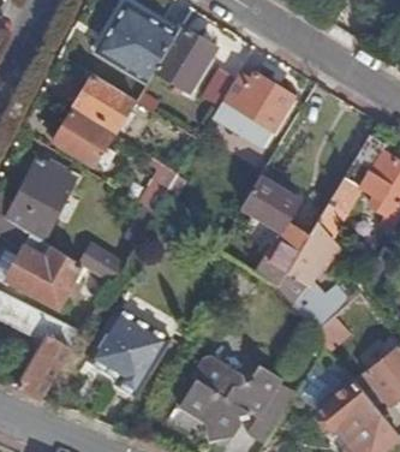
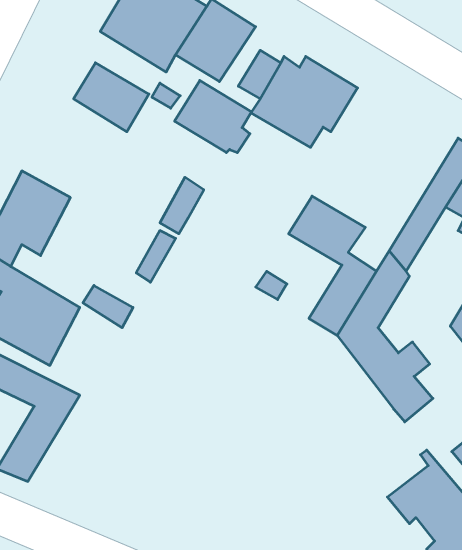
building: [54,111,113,166] -> [175,80,252,153]
building: [86,308,168,396] -> none
building: [178,356,293,441] -> none

